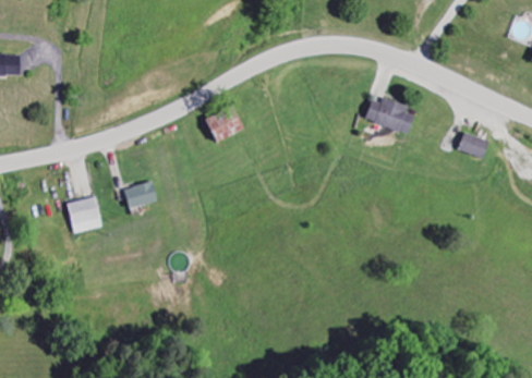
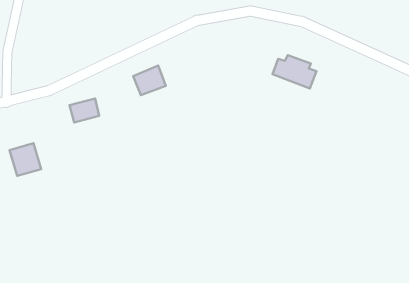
building: [458,133,488,157] -> none
building: [122,181,156,208] -> [69,98,99,122]

